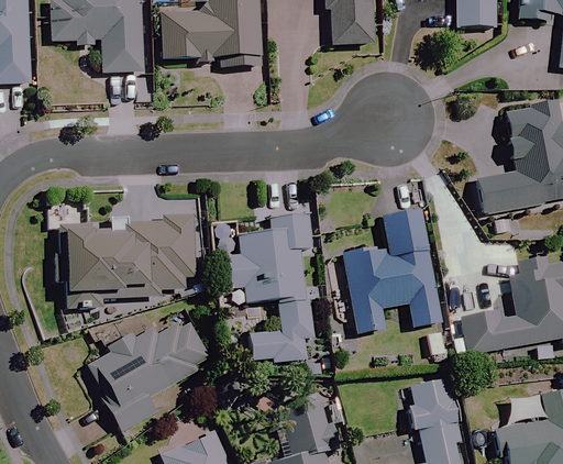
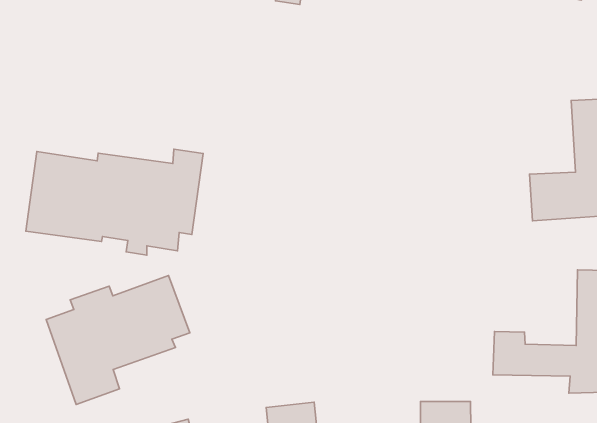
building: [342,208,441,333] -> none
building: [227,217,314,362] -> none

